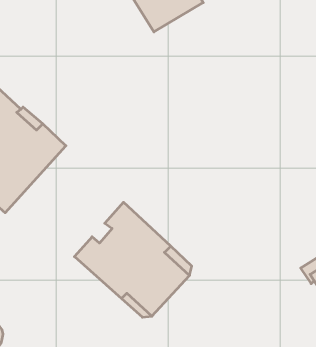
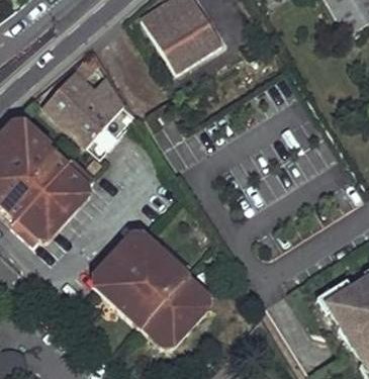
building: none -> [43,56,126,147]
building: none -> [97,232,148,289]

